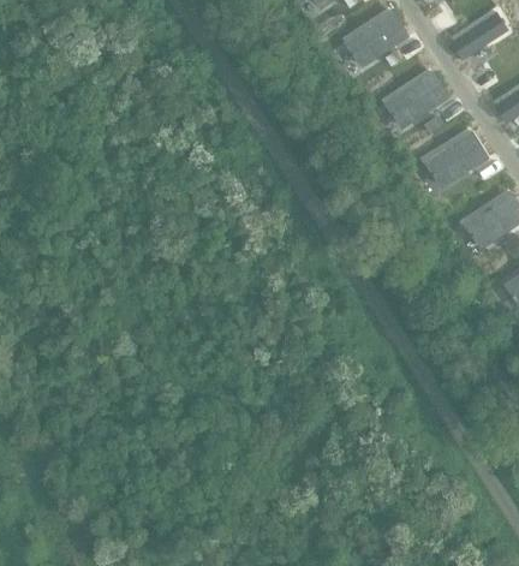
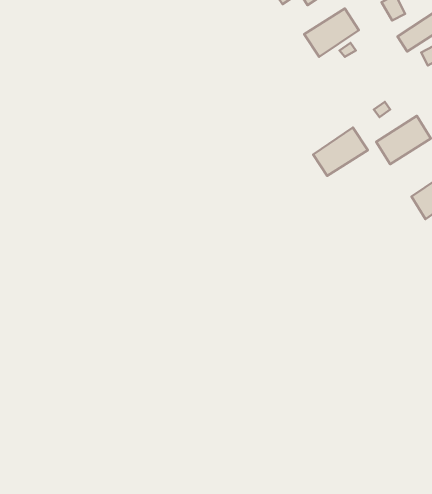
building: [386,71,447,125] -> [313,128,368,176]

